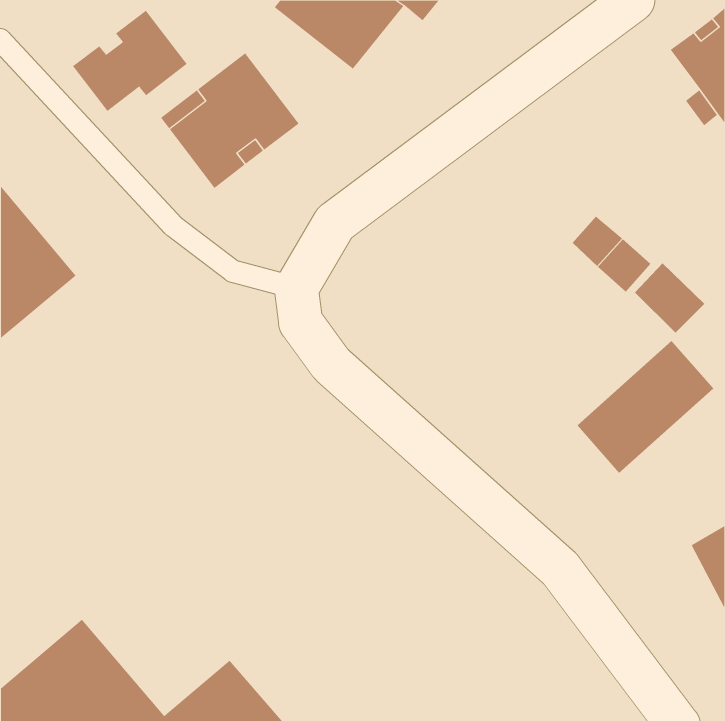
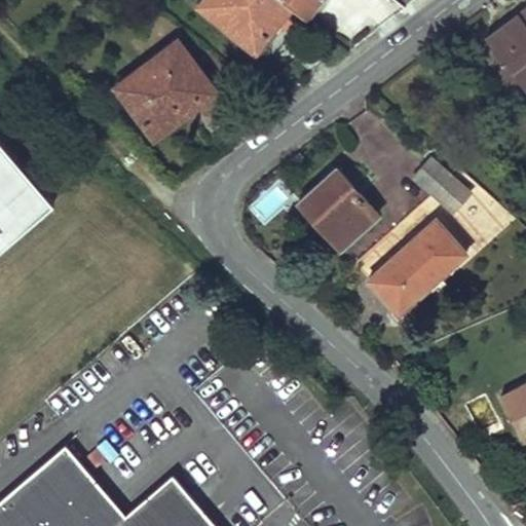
building: [72,10,188,112] -> none
building: none -> [298,170,379,251]
building: [576,340,714,474] -> [368,220,467,316]

